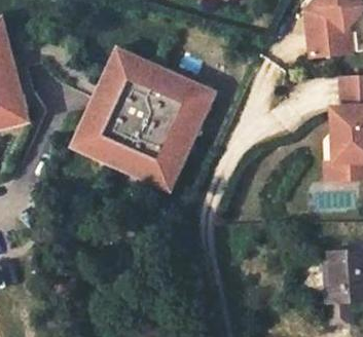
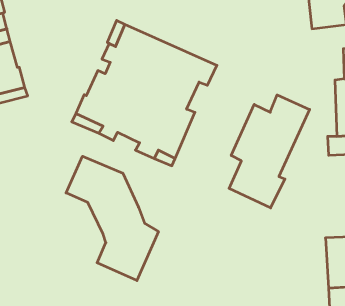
building: none -> [229,95,310,208]
building: none -> [66,156,158,281]

